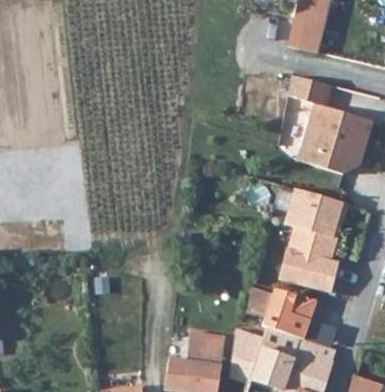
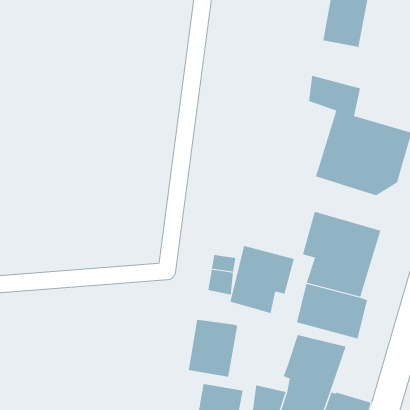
building: none -> [230,245,294,314]
building: none -> [188,319,238,377]

